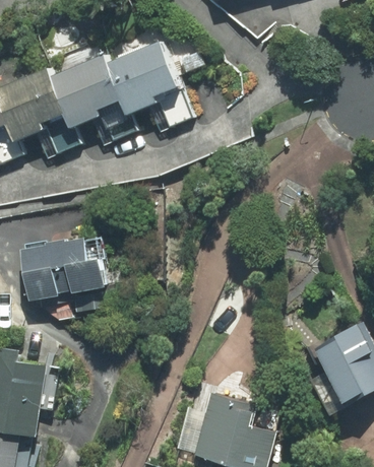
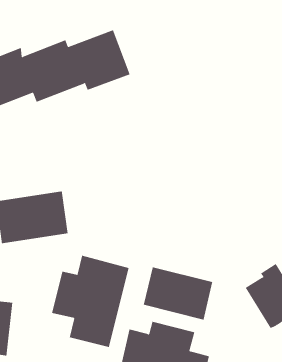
building: none -> [52,255,129,348]
building: none -> [143,266,213,320]

